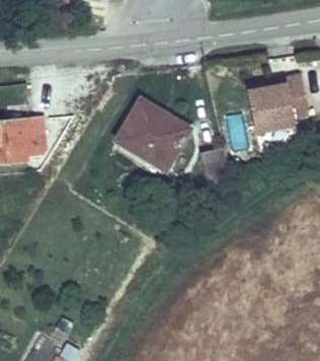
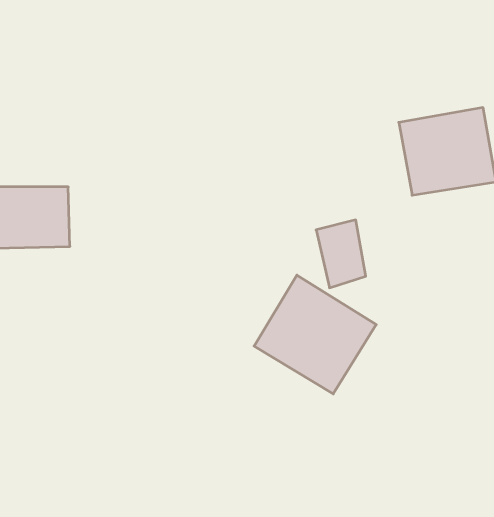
building: [114,97,189,170] -> [254,275,376,394]

